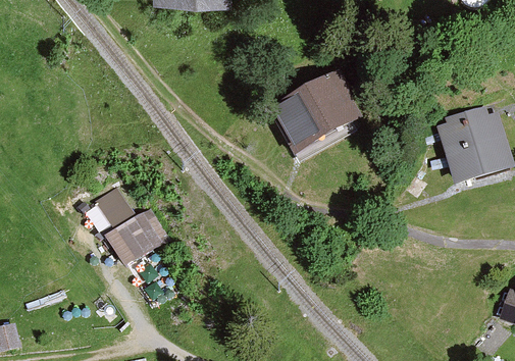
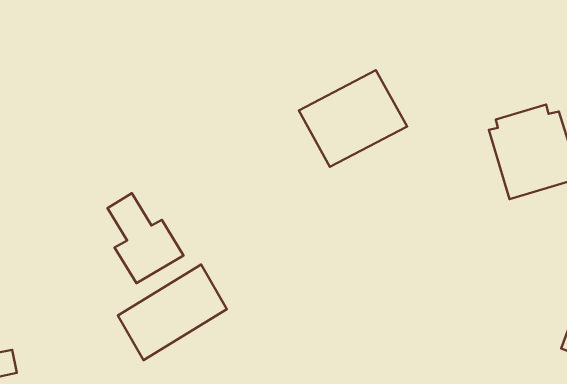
building: none -> [118,264,227,360]

